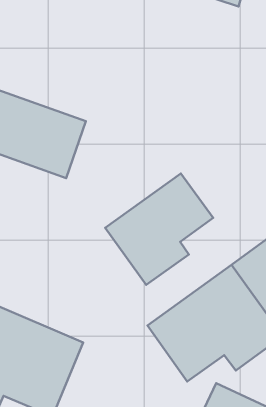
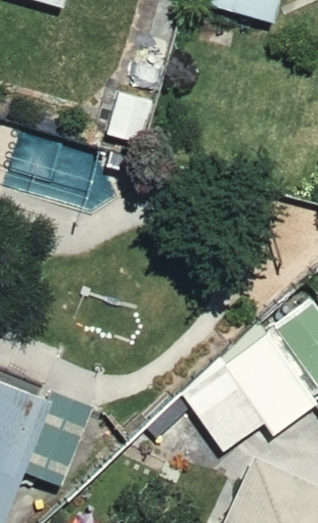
building: [105,174,213,285] -> none

